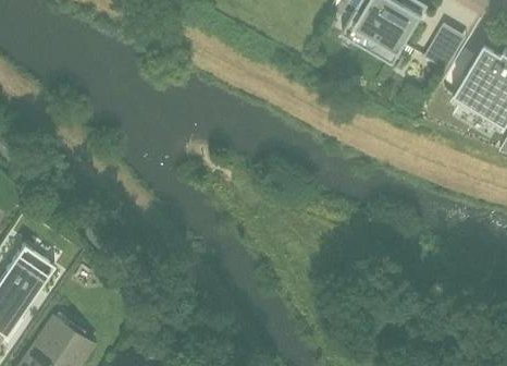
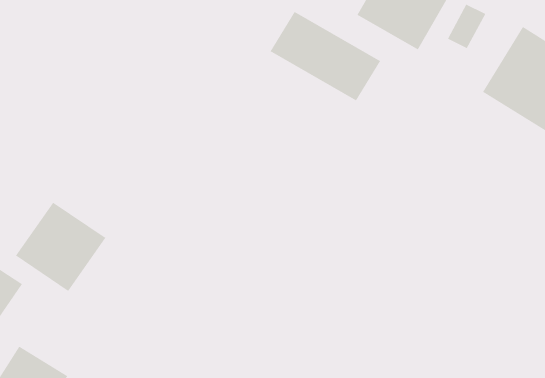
building: none -> [270,11,381,101]
building: none -> [15,202,106,292]

